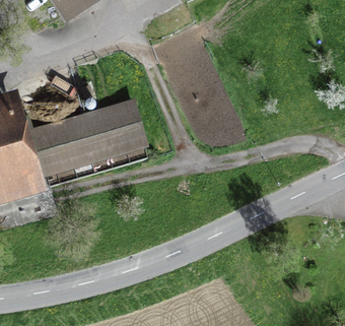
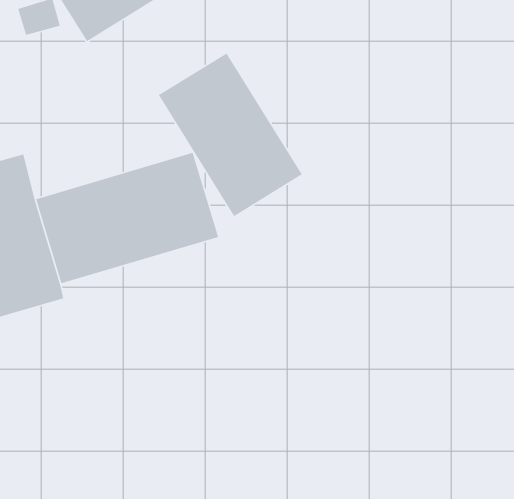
building: none -> [158,52,303,217]

